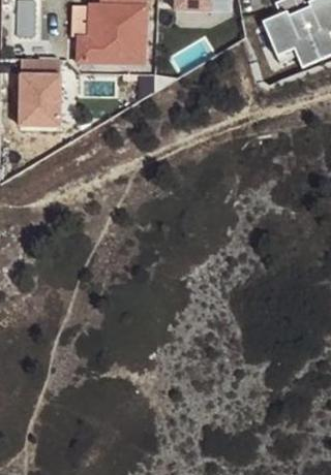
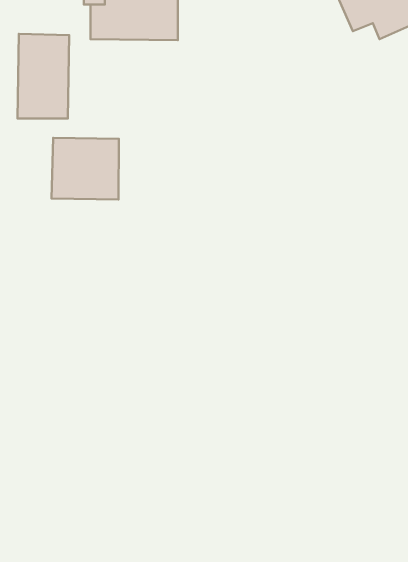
building: none -> [52,138,119,200]

